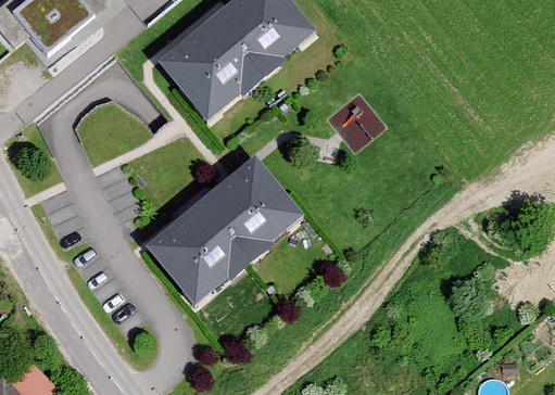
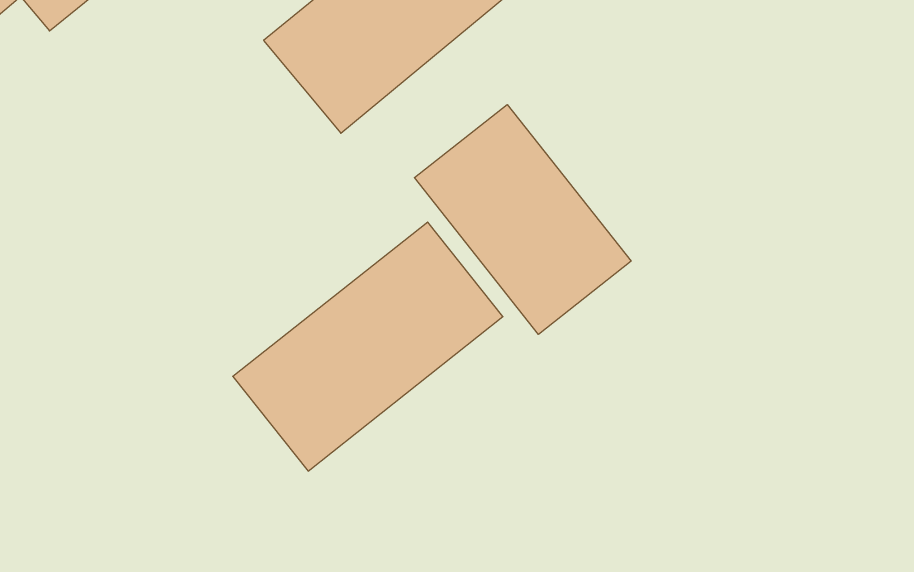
building: none -> [414,105,631,334]

